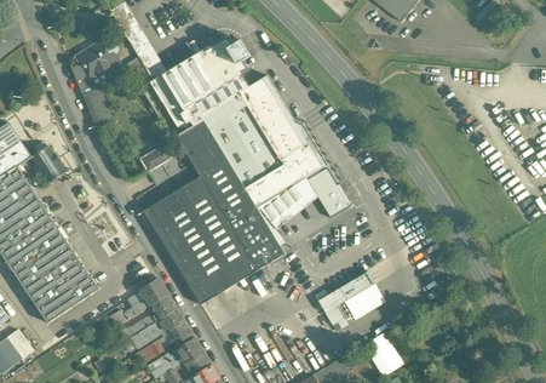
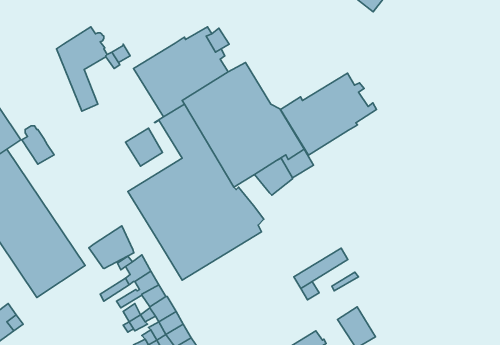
building: none -> [280,73,377,155]
building: [316,183,351,218] -> none
building: [254,193,292,225] -> none
building: none -> [89,226,134,269]

